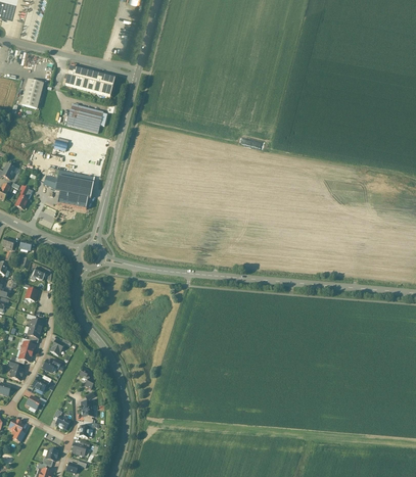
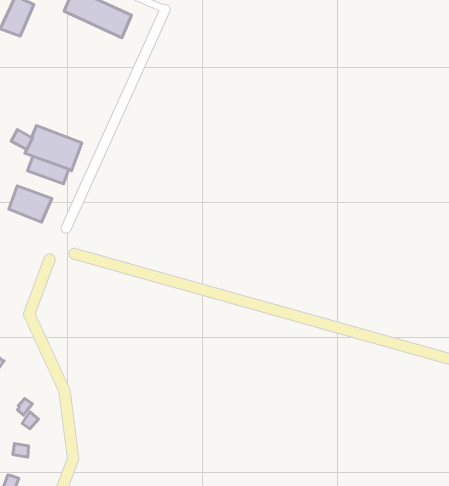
building: [65,104,101,132] -> none
building: none -> [9,186,52,222]

